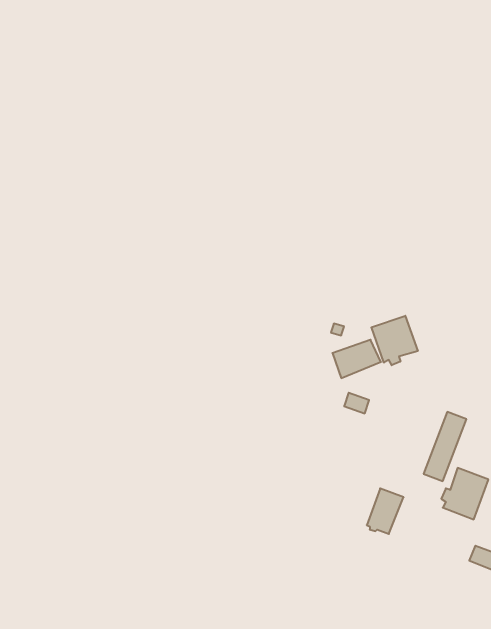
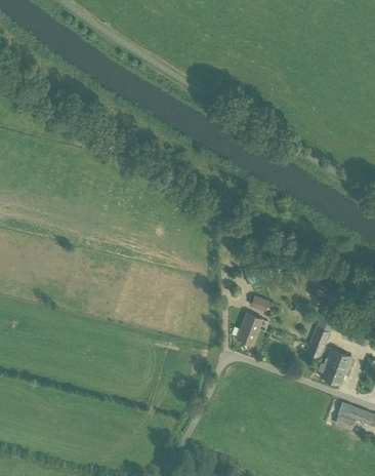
building: [371,316,418,365] -> none
building: [367,488,404,534] -> [237,313,262,345]

